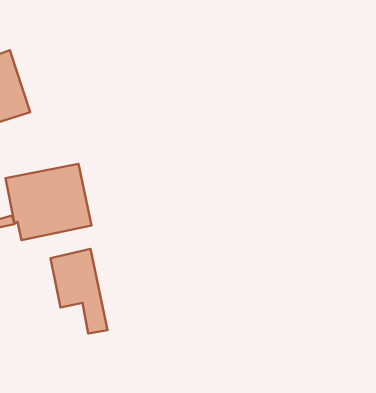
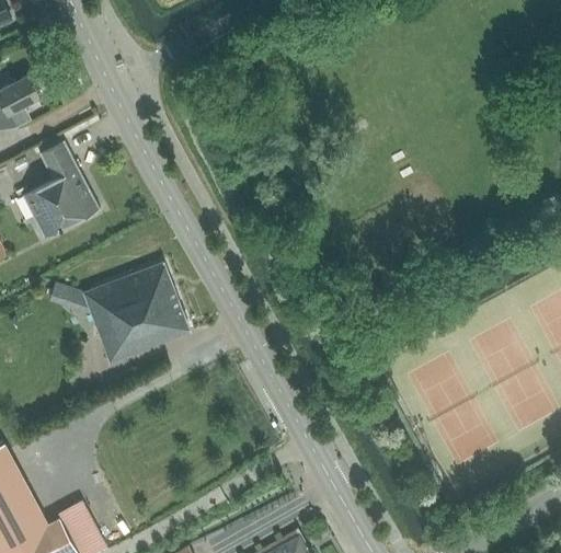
building: [51,249,107,333] -> none

